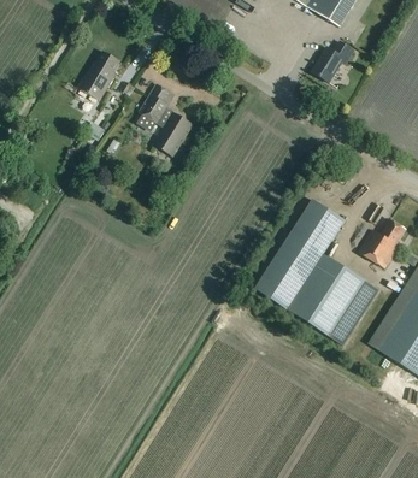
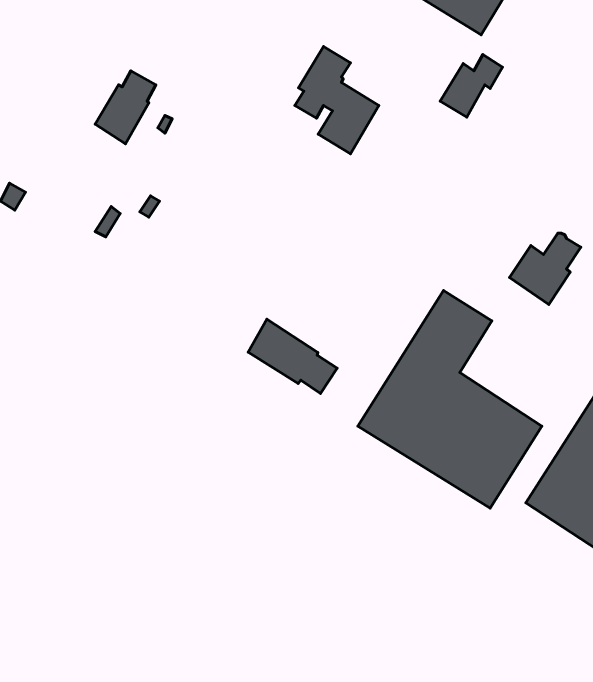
building: [136,83,193,155] -> [295,47,379,154]
building: none -> [248,319,337,393]
building: [358,219,406,267] -> [509,233,581,304]

